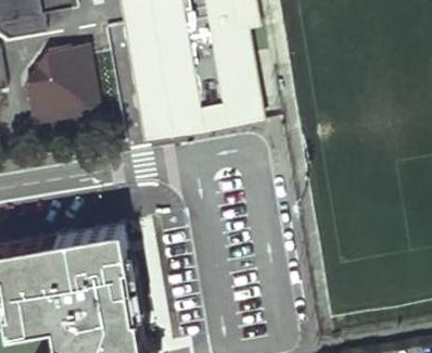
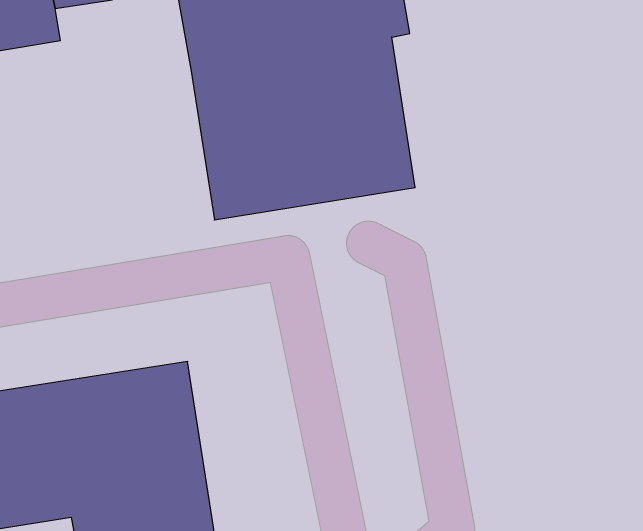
building: [24,43,100,125] -> none

